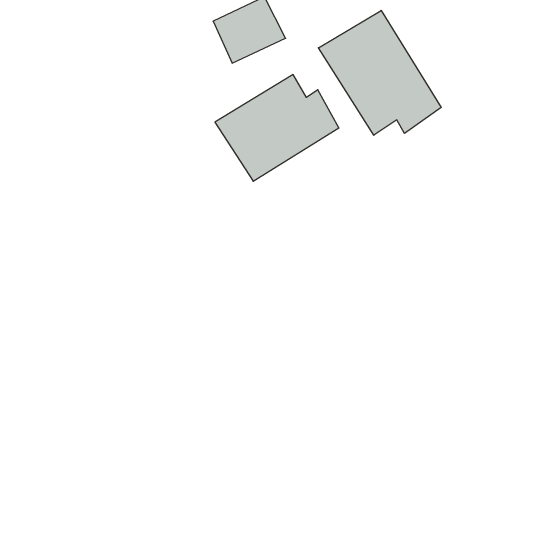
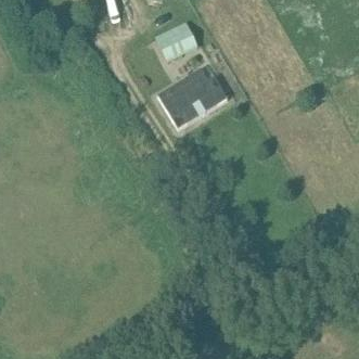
building: [318,10,441,135] -> none

